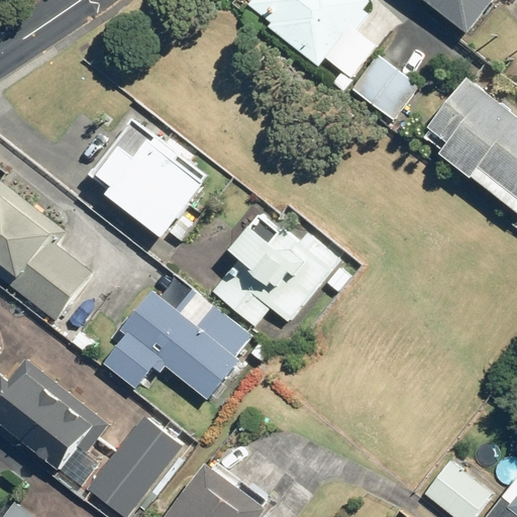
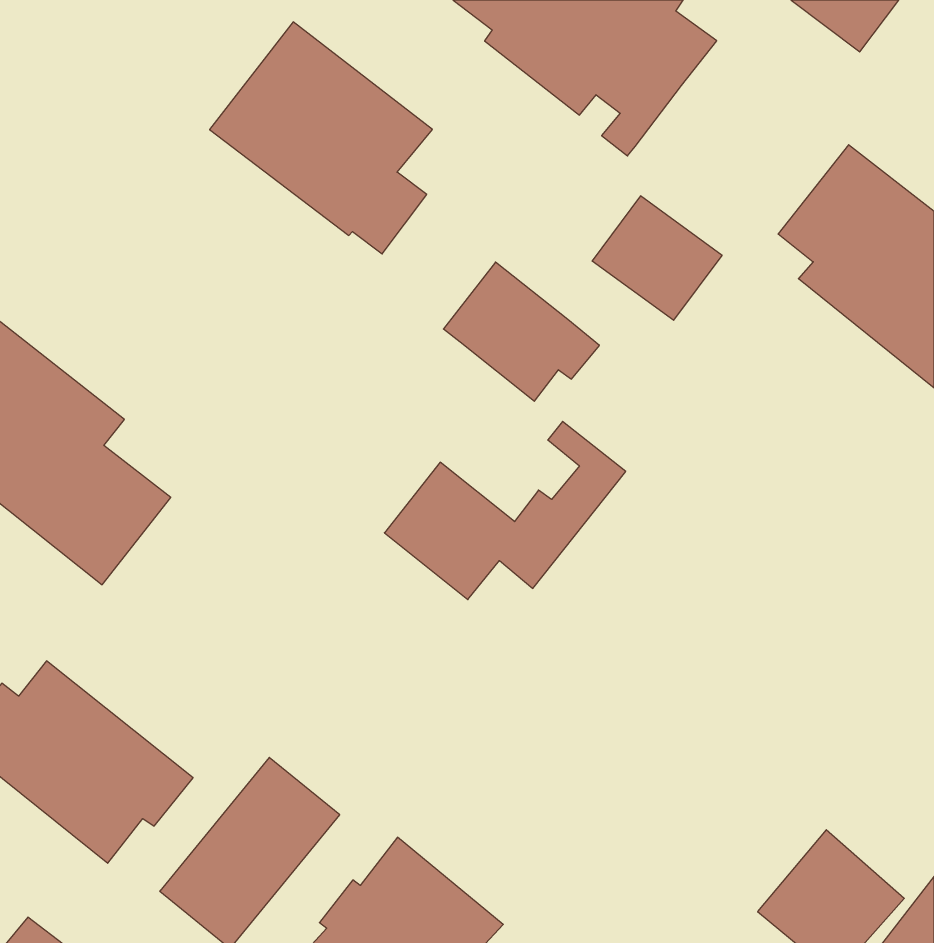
building: [351,48,422,116] -> [592,196,722,320]
building: [85,118,206,244] -> [210,22,432,254]
building: [230,211,315,287] -> [443,262,599,401]
building: [105,287,249,401] -> none

